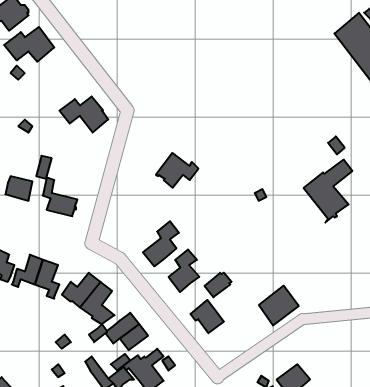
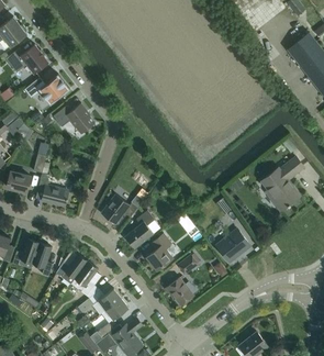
building: none -> [24,74,69,104]
building: [156,153,198,188] -> [101,194,137,224]
building: [259,286,299,326] -> [216,229,250,263]

